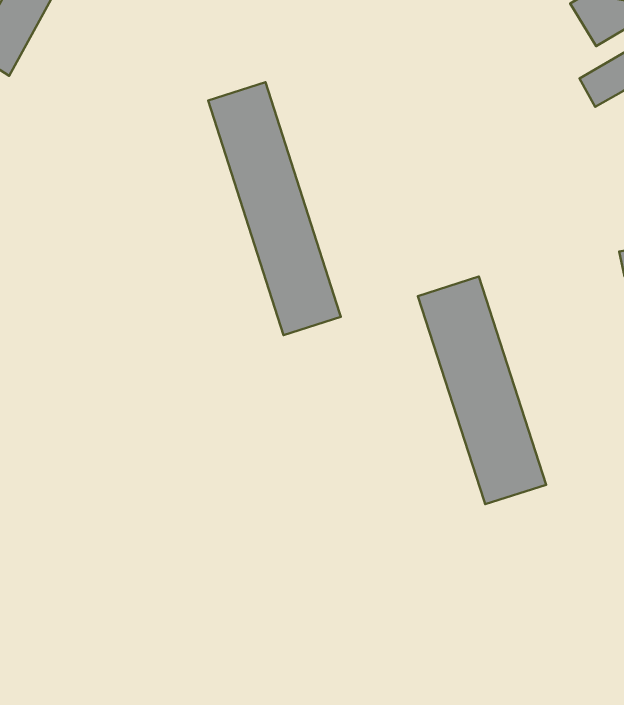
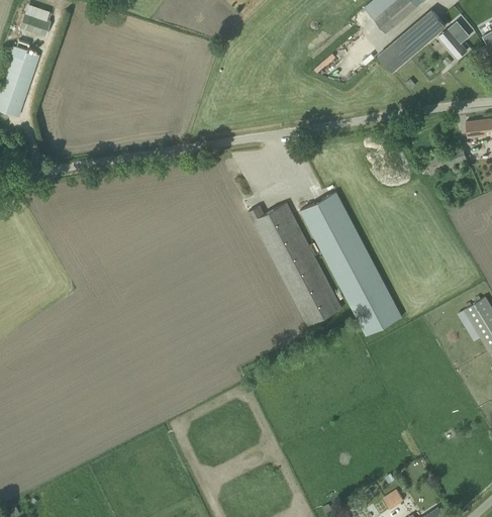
building: [208,82,341,335] -> none
building: none -> [249,203,341,325]

